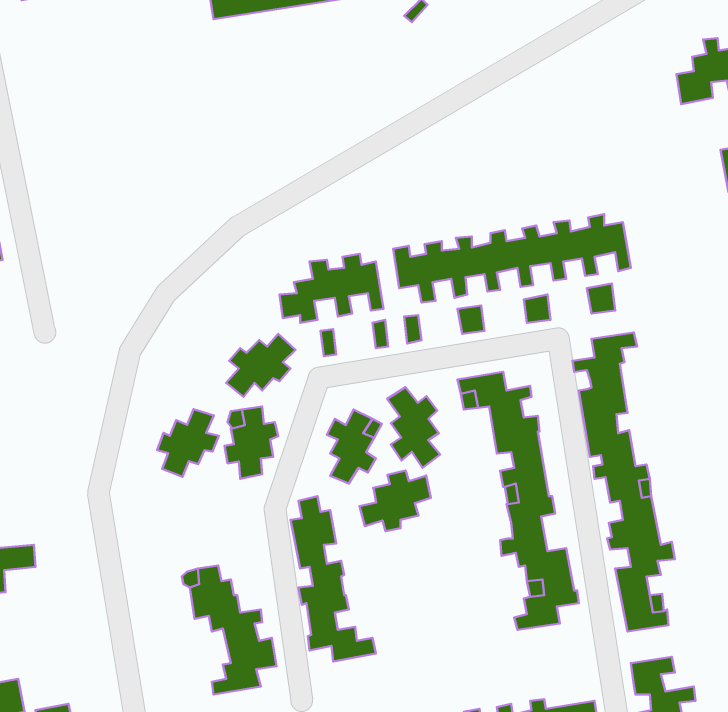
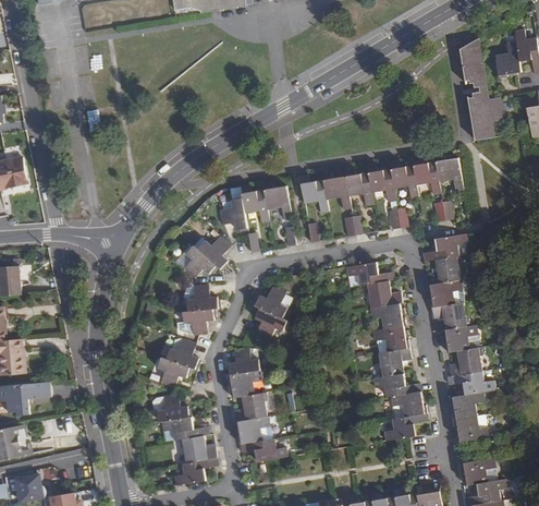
building: none -> [457,37,503,140]
building: [387,387,440,468] -> none
building: [157,409,219,477] -> [157,339,199,386]
building: [359,470,431,531] -> none

